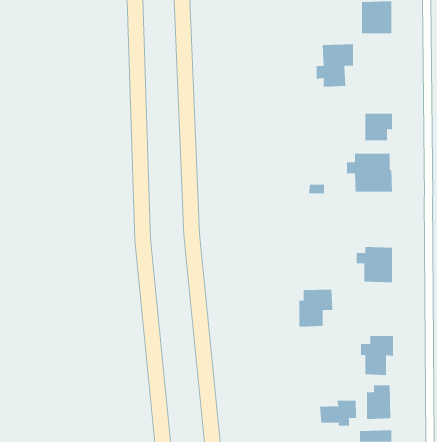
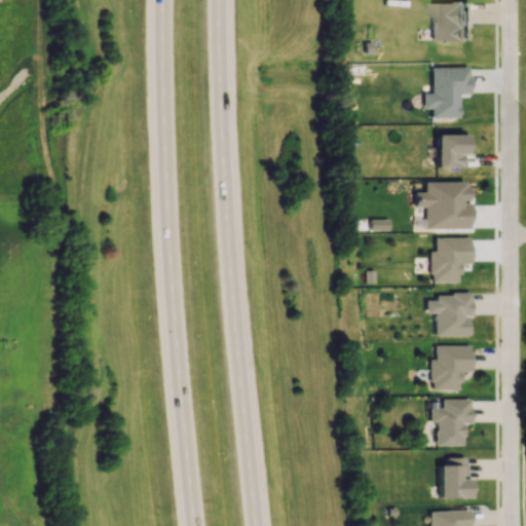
building: [316,44,354,87] -> [426,67,472,118]
building: none -> [433,237,473,281]
building: [298,289,333,327] -> [433,345,474,390]
building: [319,400,357,426] -> none

